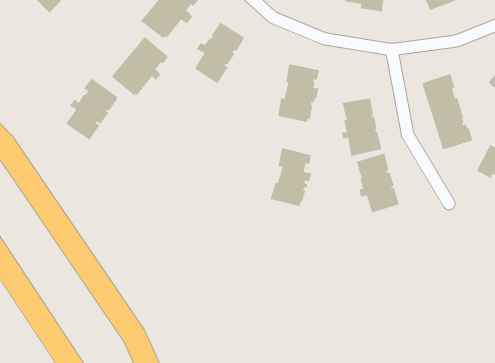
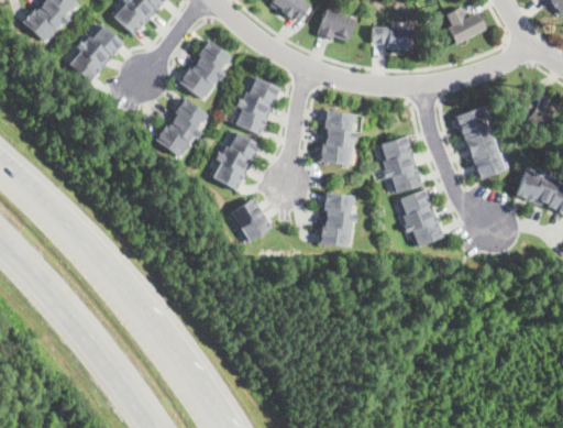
building: [65,78,119,141] -> [211,130,261,190]
building: none -> [228,196,273,243]

